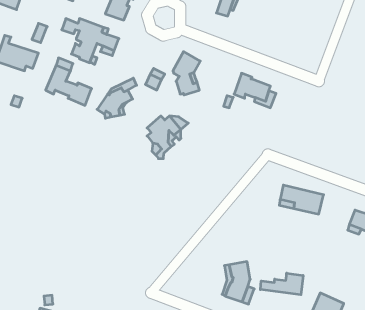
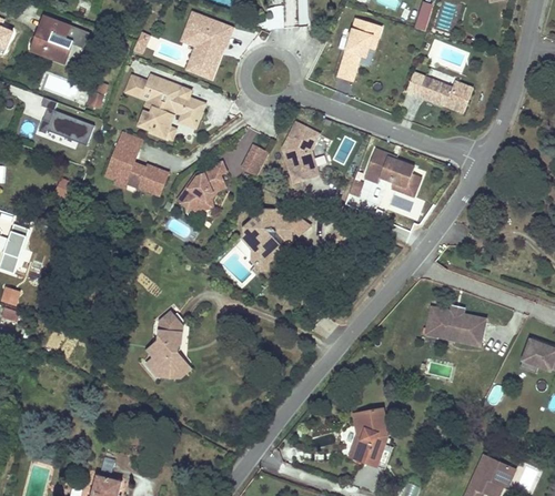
building: none -> [415,77,473,114]
building: none -> [147,311,182,375]
building: [260,273,303,295] -> none

